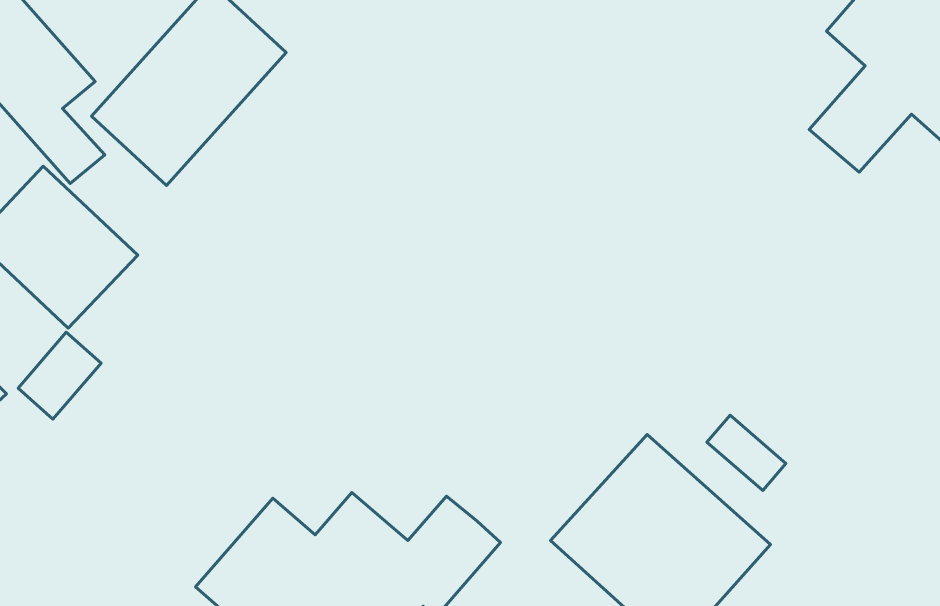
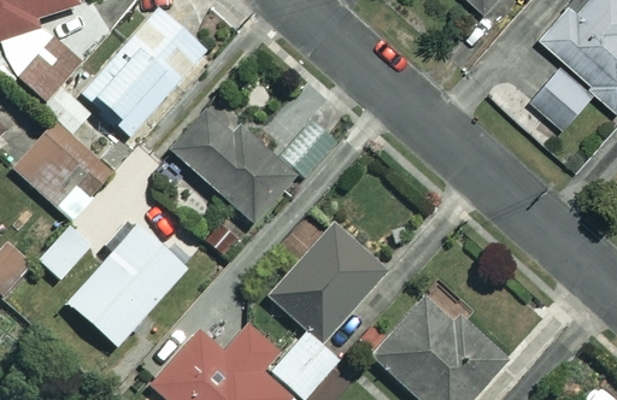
building: none -> [172,102,339,222]
building: none -> [66,224,186,346]
building: none -> [271,224,388,343]

